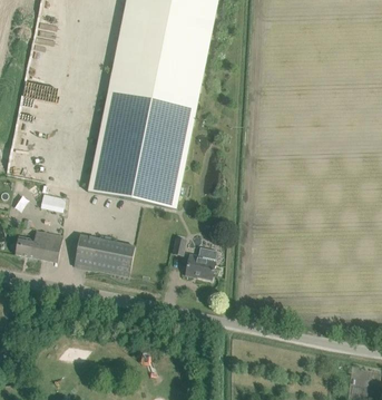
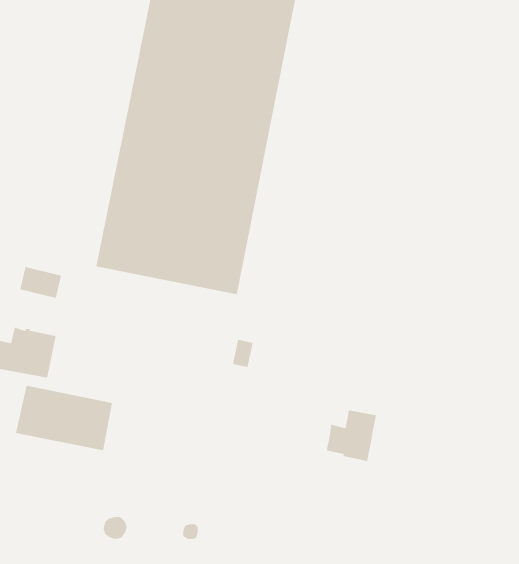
building: [72,234,134,275] -> [15,385,113,451]
building: [185,246,217,279] -> [325,410,377,461]

